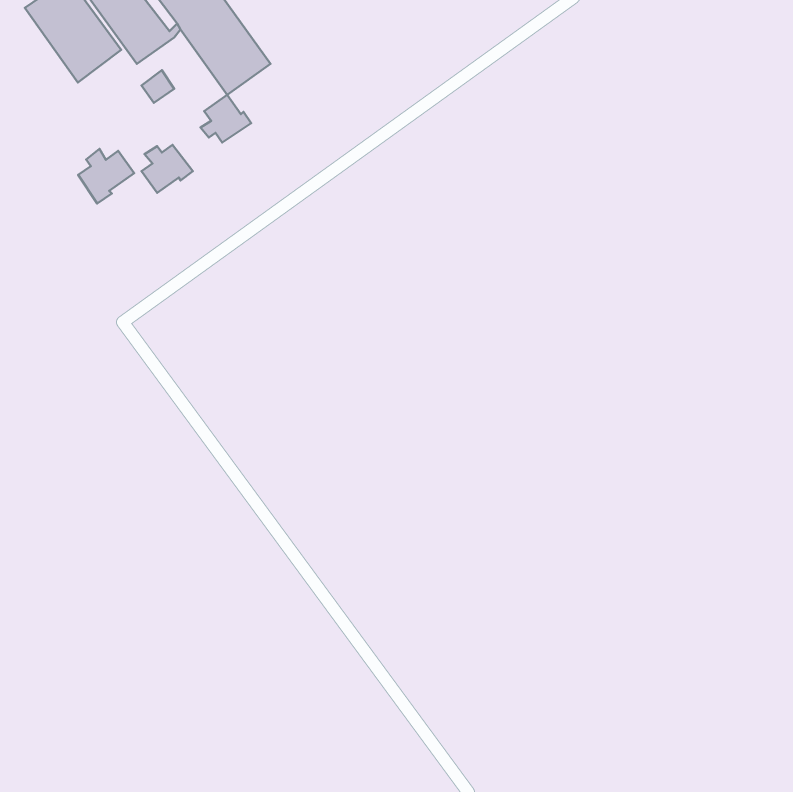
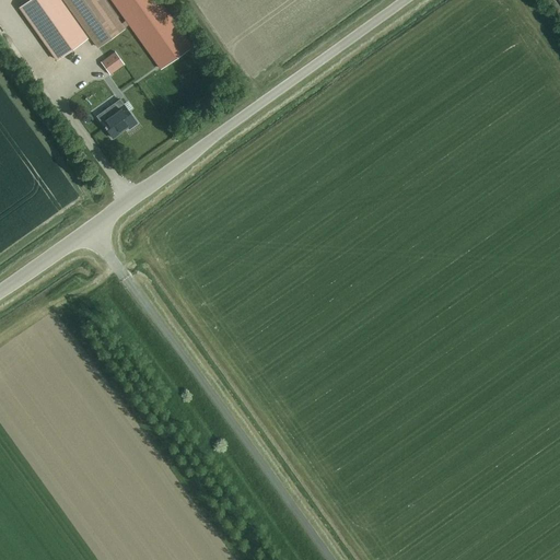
building: [200,95,251,143] -> none
building: [78,149,134,203] -> none

